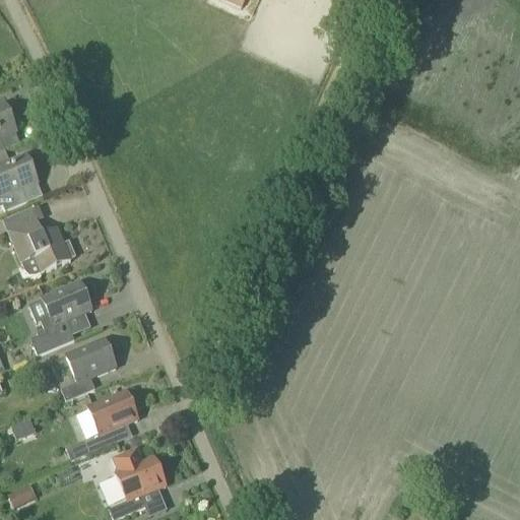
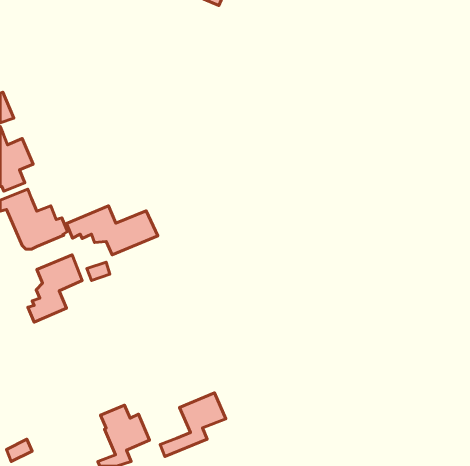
building: none -> [66,206,158,255]
building: [62,338,117,400] -> none
building: [67,390,139,460] -> [160,393,226,457]

